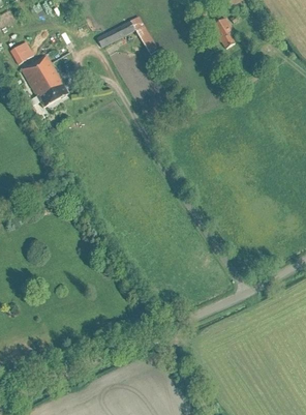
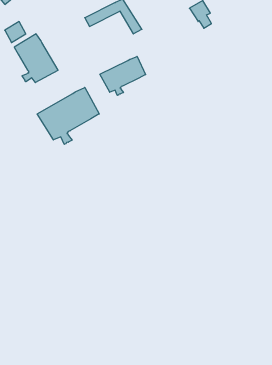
building: none -> [100,56,146,95]
building: none -> [37,87,99,144]

